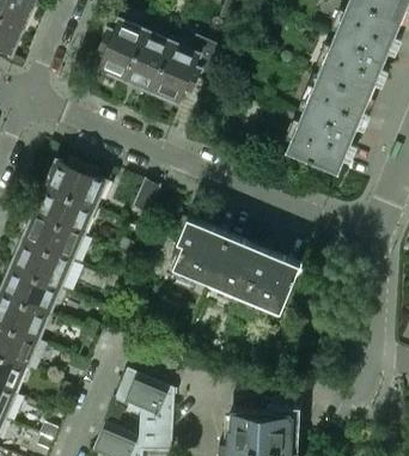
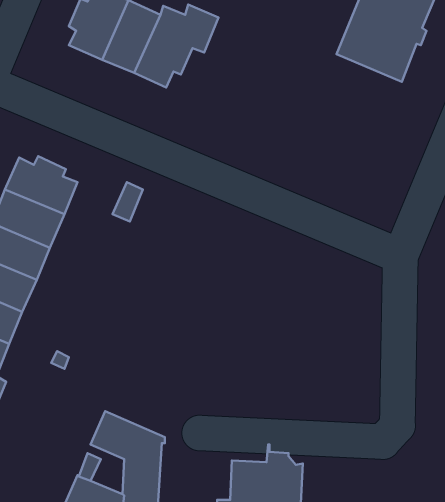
building: [287,75,372,172] -> none
building: [172,217,300,312] -> none

